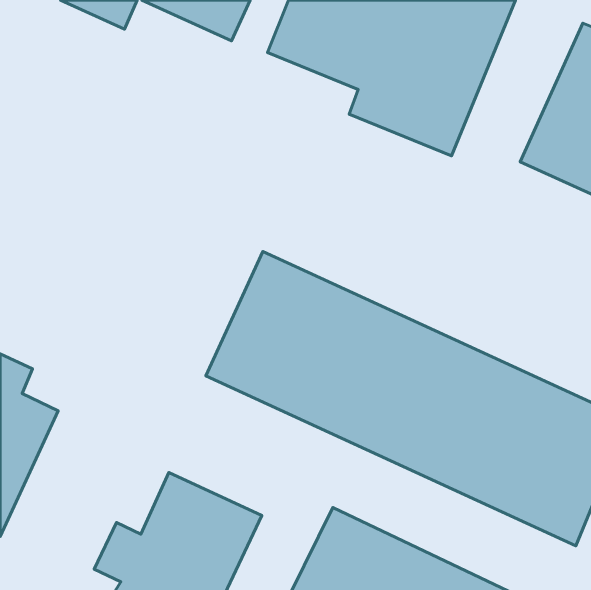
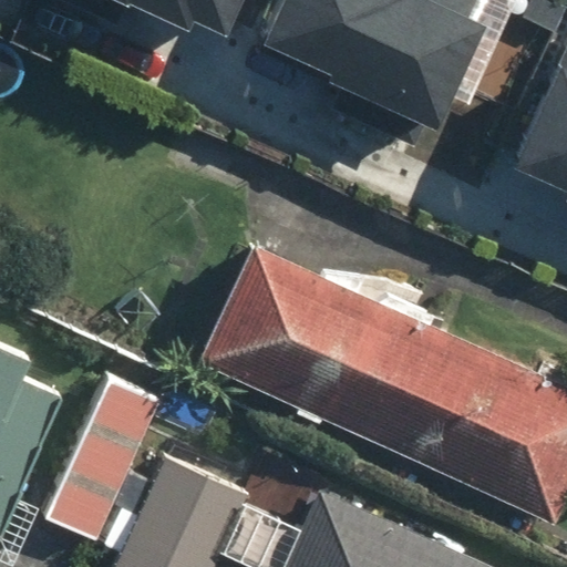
building: none -> [40,372,162,546]

